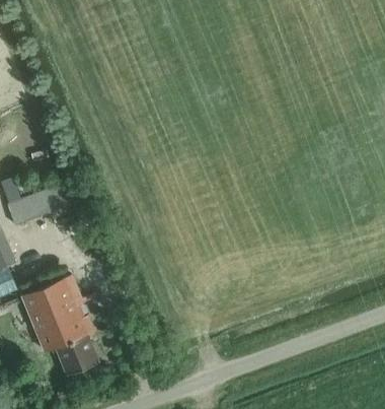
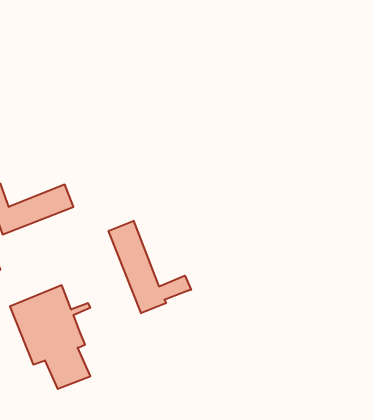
building: none -> [109,221,191,313]

